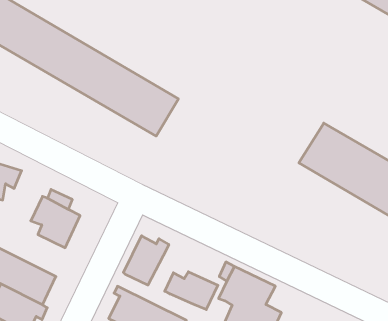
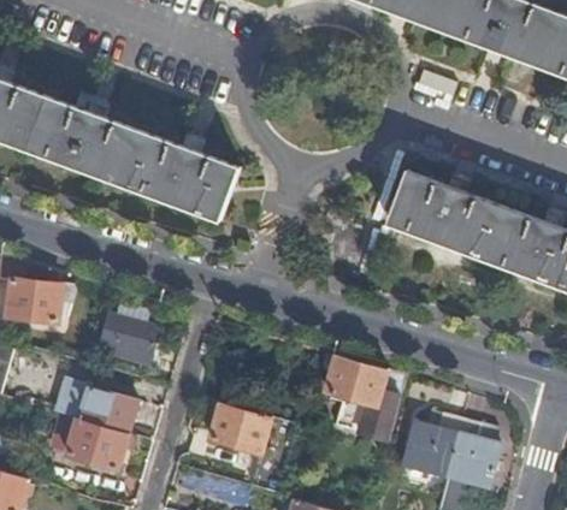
building: [123,236,169,285] -> none
building: [165,272,218,310] -> none

